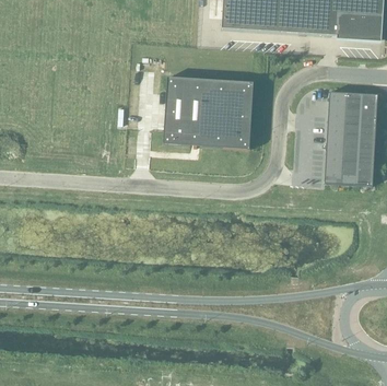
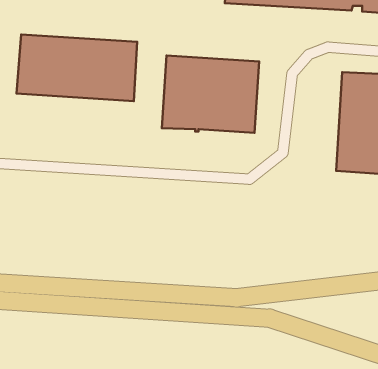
building: none -> [16,34,137,101]

